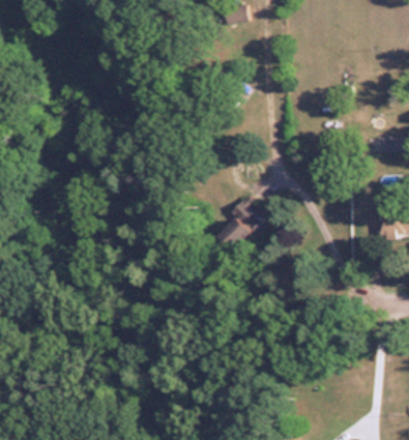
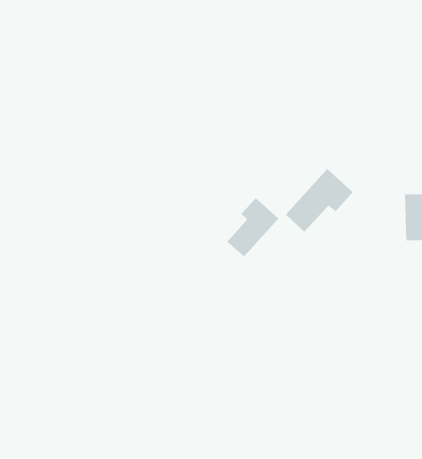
building: none -> [285,168,353,233]

